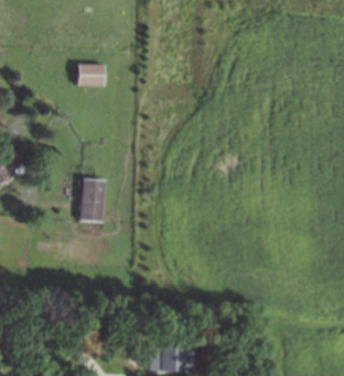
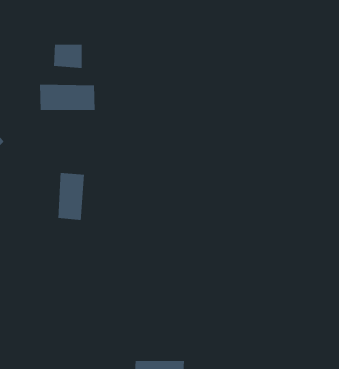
building: none -> [39,84,96,111]

